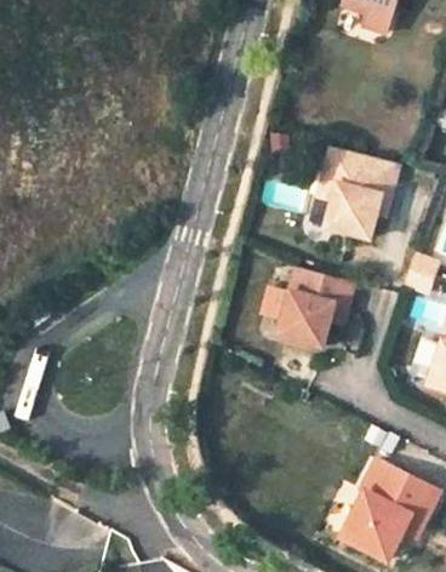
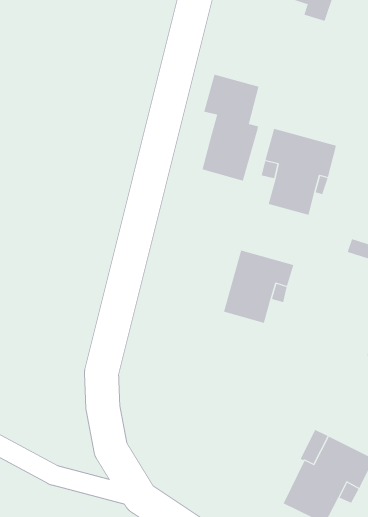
building: none -> [202,74,259,182]

